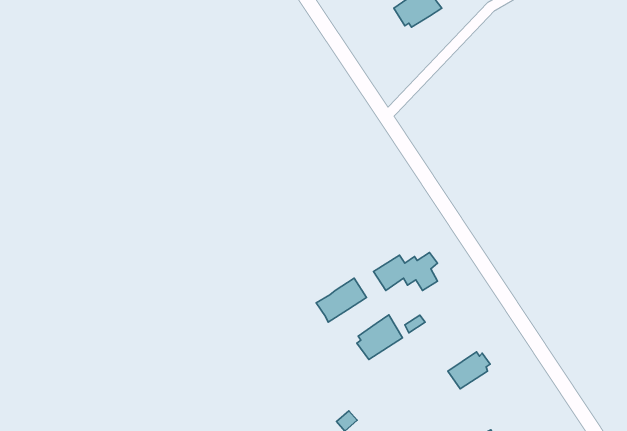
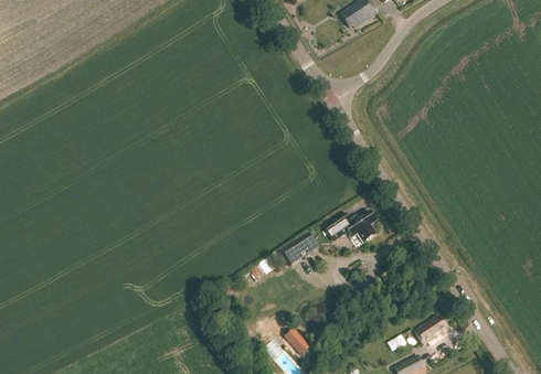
building: [357,315,403,360] -> none
building: [448,352,490,389] -> [414,314,448,344]

